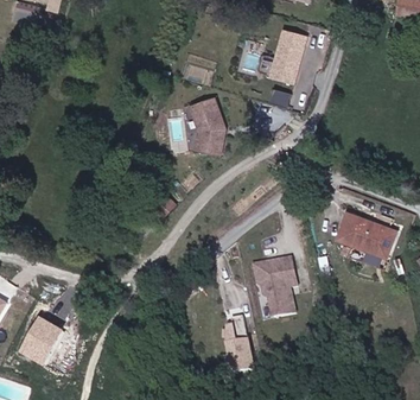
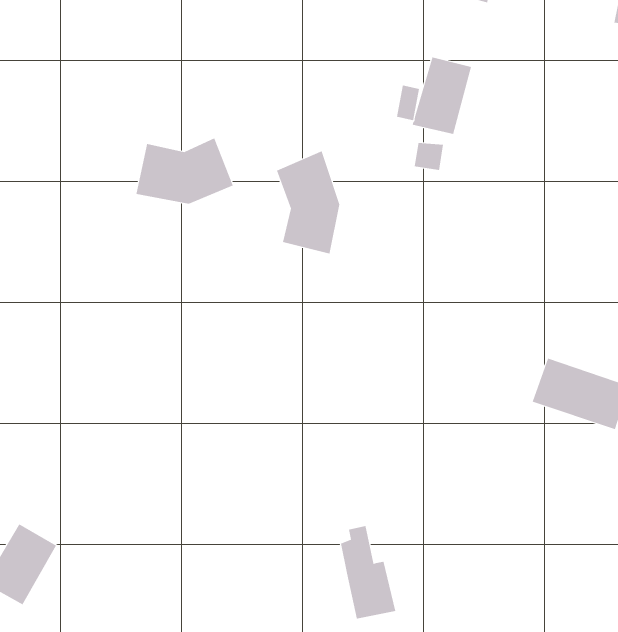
building: none -> [136,137,234,205]
building: [252,255,297,317] -> none

